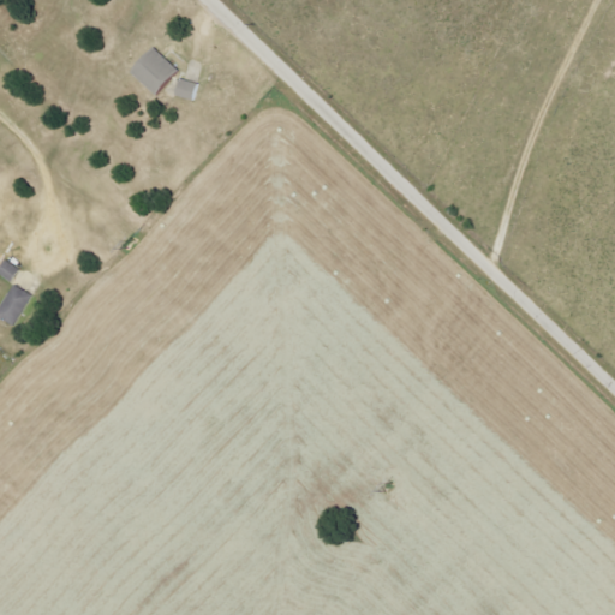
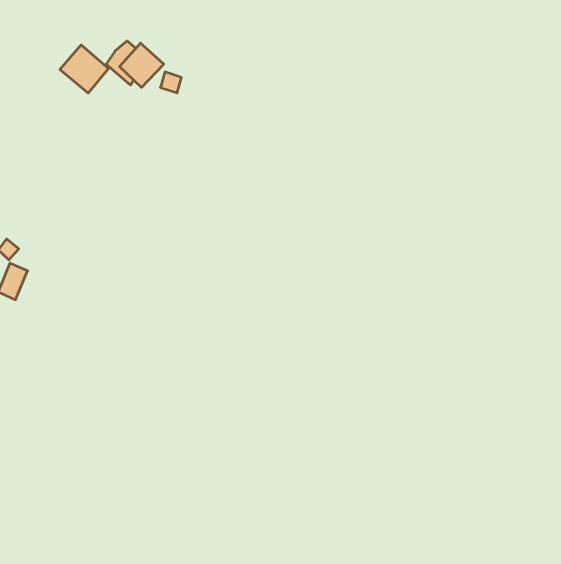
building: none -> [60,45,109,93]

